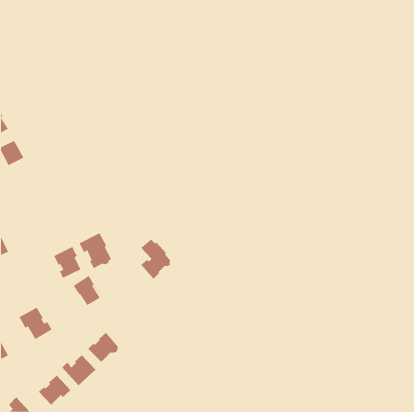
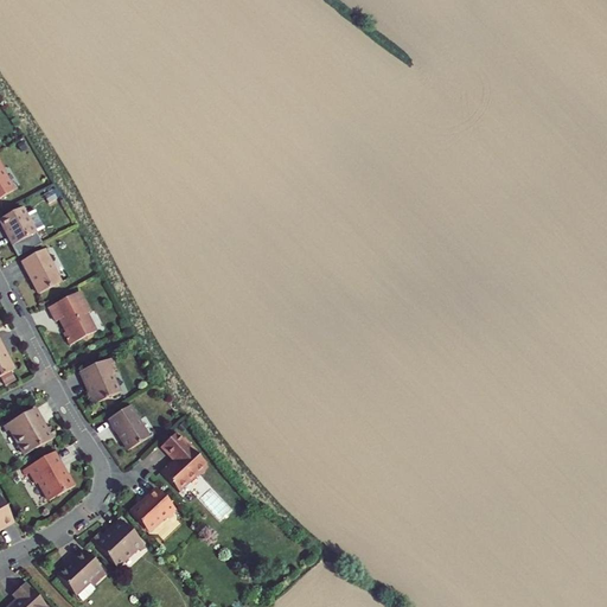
building: none -> [20,248,59,293]
building: [79,233,112,269] -> [47,290,96,344]
building: [141,239,171,279] -> [160,432,205,491]
building: none -> [6,407,57,453]

